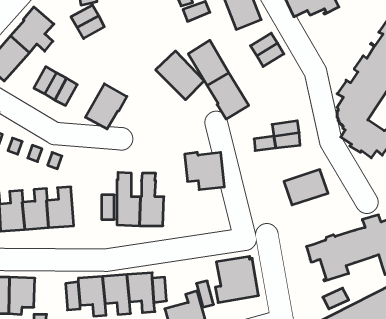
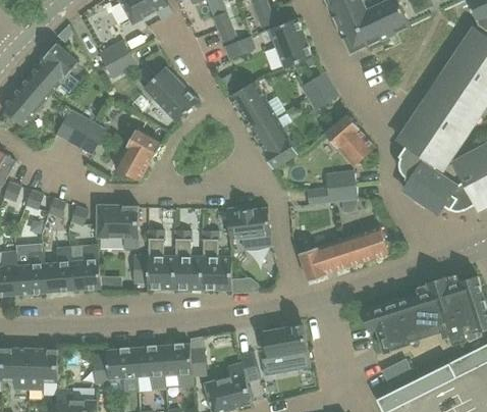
building: [156,51,204,100] -> [143,66,198,121]
building: none -> [324,113,374,165]
building: none -> [97,204,138,247]
building: none -> [202,229,231,289]
building: none -> [299,239,347,279]

